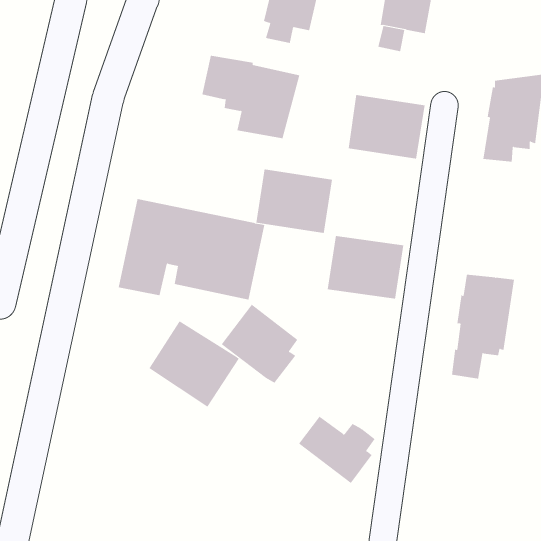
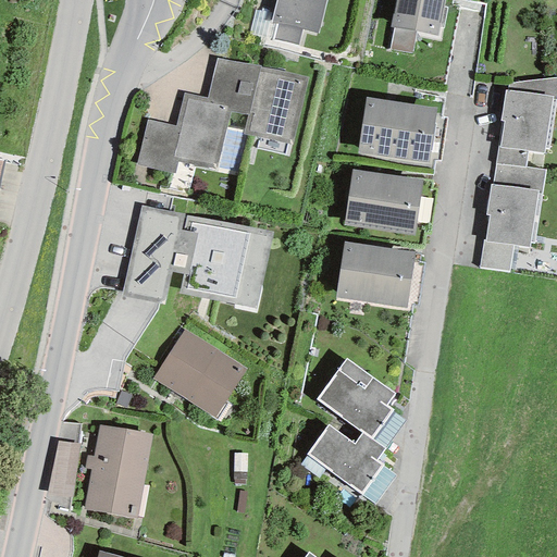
building: none -> [137,91,232,173]
building: [255,169,333,233] -> [344,169,423,235]
building: [451,274,515,379] -> [481,163,546,271]
building: [221,304,298,383] -> [317,358,396,440]
building: none -> [85,425,151,518]

